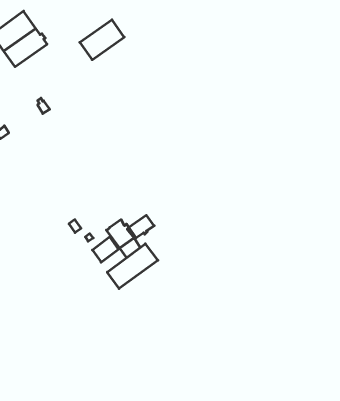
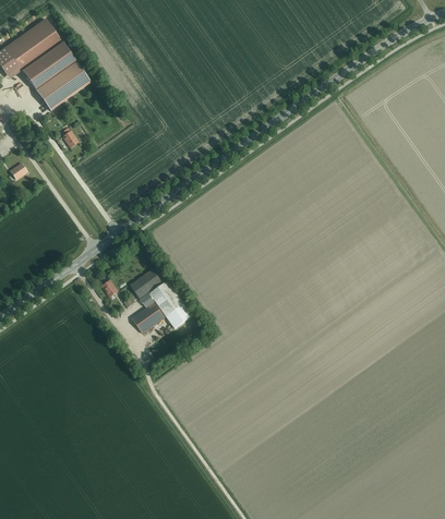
building: [80,20,124,60] -> [34,60,89,110]
building: [129,215,154,238] -> [130,269,161,298]
building: [107,244,158,289] -> none

